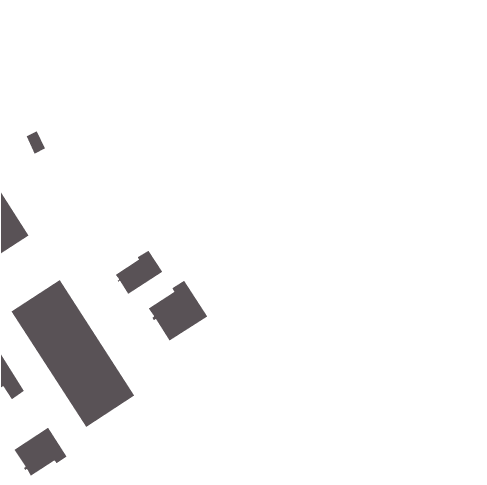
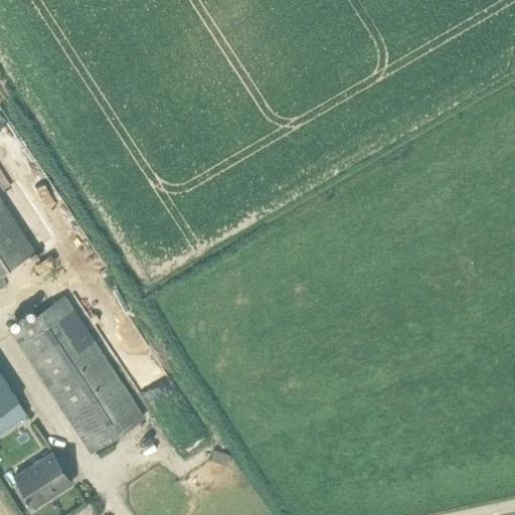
building: [115,250,163,295] -> none
building: [148,280,208,342] -> none

